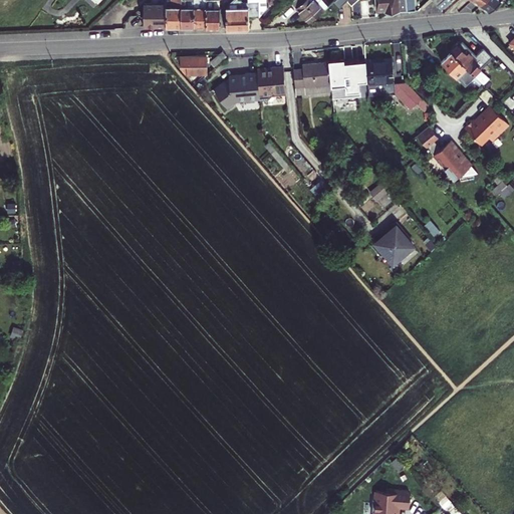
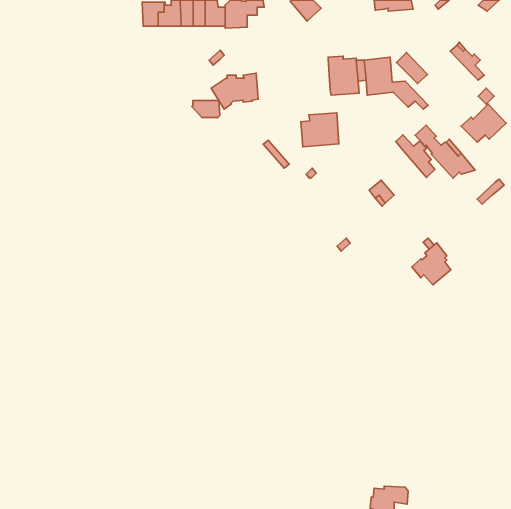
building: [442,53,473,84] -> [396,53,427,84]
building: [179,58,207,75] -> [192,100,220,117]
building: [293,61,331,95] -> [301,113,339,147]
building: [256,68,285,101] -> none
building: none -> [396,135,435,177]
building: [371,222,411,264] -> [412,243,451,285]

